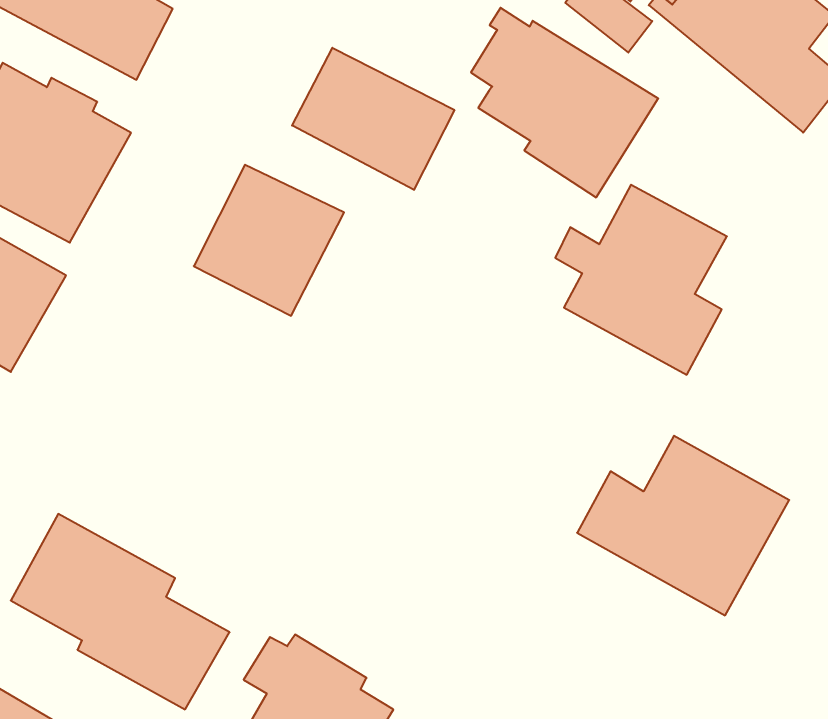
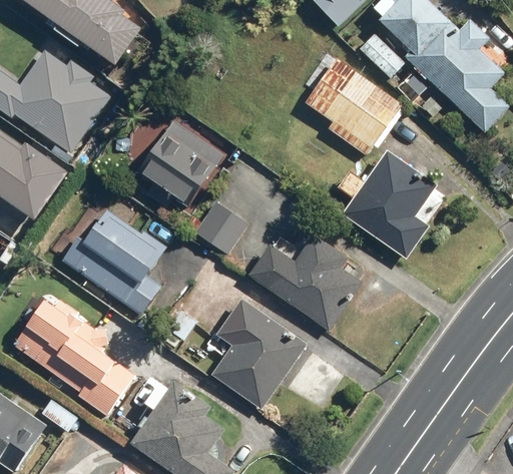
building: [292,48,454,190] -> none
building: none -> [190,199,248,255]
building: none -> [58,208,163,316]
building: [577,436,789,615] -> [250,229,370,332]
building: none -> [208,296,308,409]

